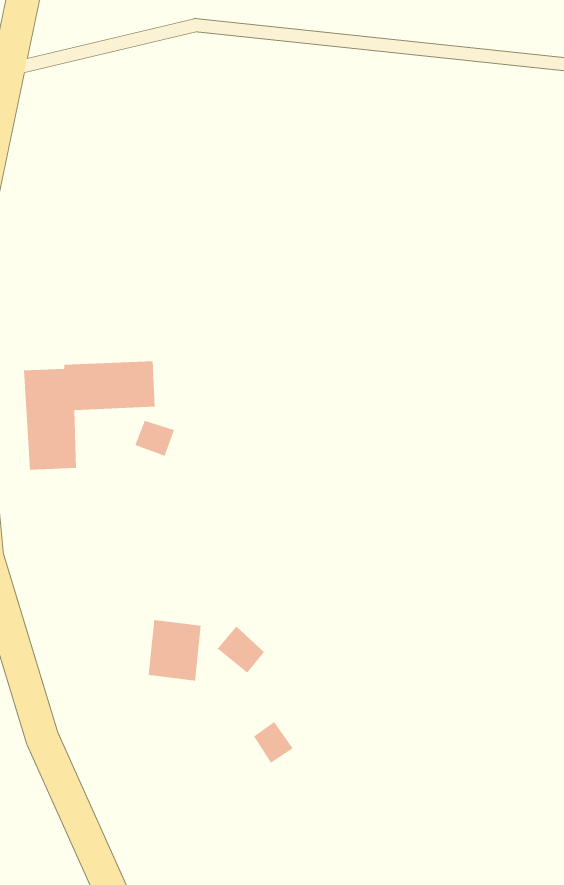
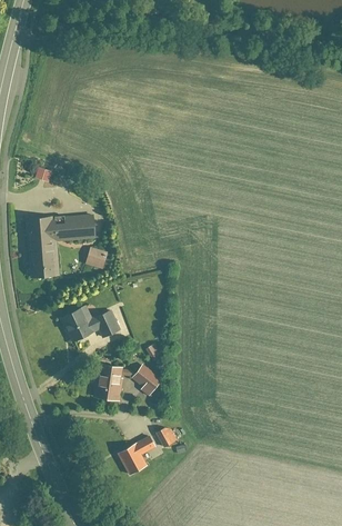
building: none -> [62,307,123,341]
building: none -> [117,436,154,475]

